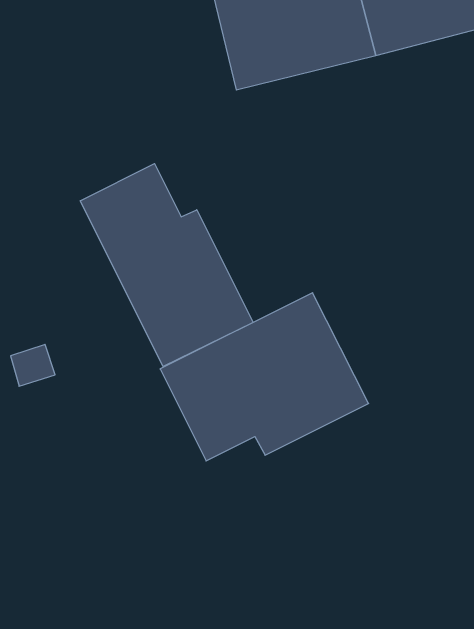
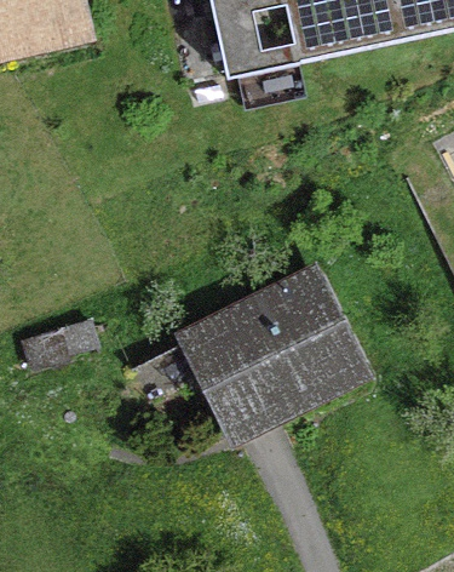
building: [80,164,253,367] -> none

